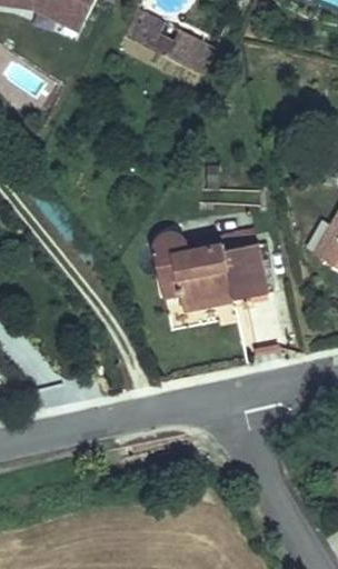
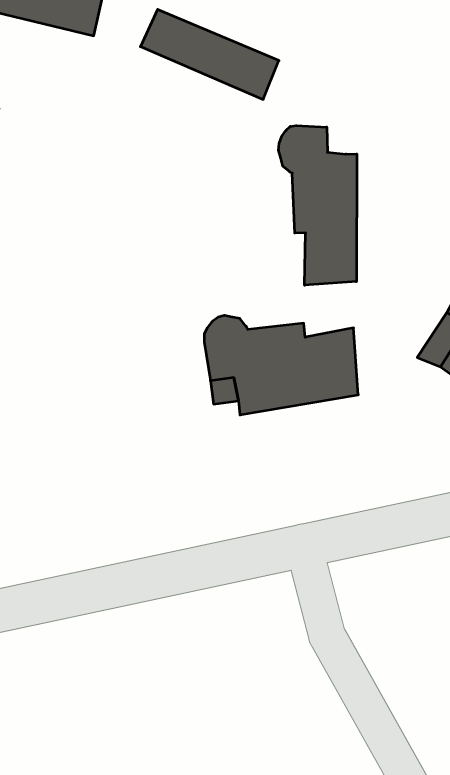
building: none -> [279,126,357,285]

